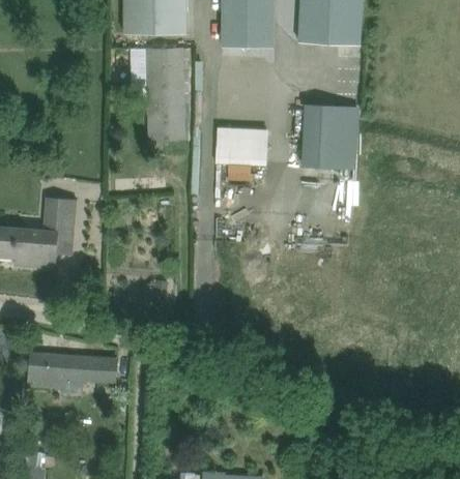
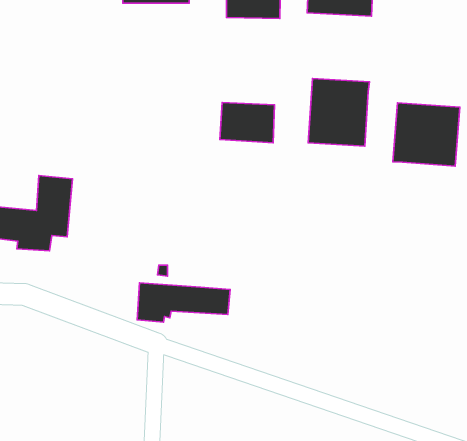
building: [145,48,185,153] -> none
building: none -> [393,103,460,166]
building: [29,352,117,389] -> [137,283,230,322]

